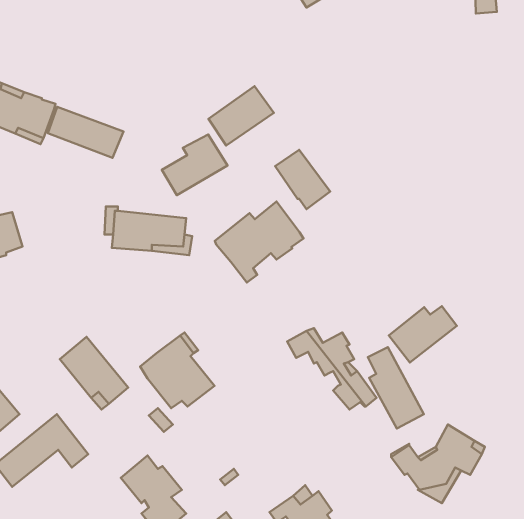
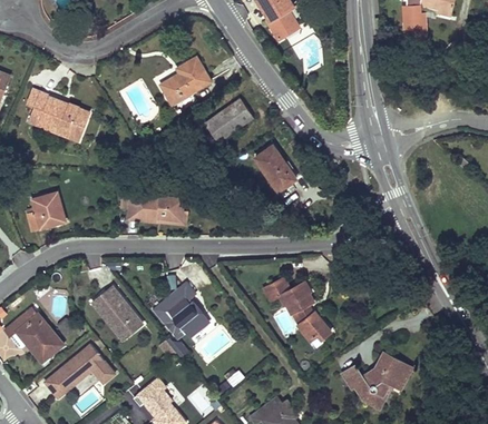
building: [48,107,123,158] -> none
building: [162,134,227,195] -> [160,58,209,103]
building: [215,202,303,283] -> none
building: [389,306,457,363] -> none
building: [368,347,424,428] -> none

